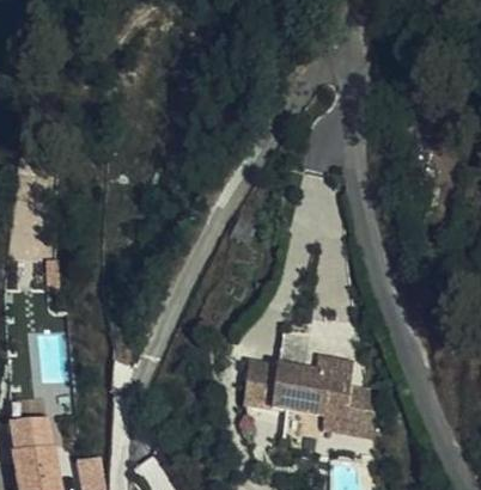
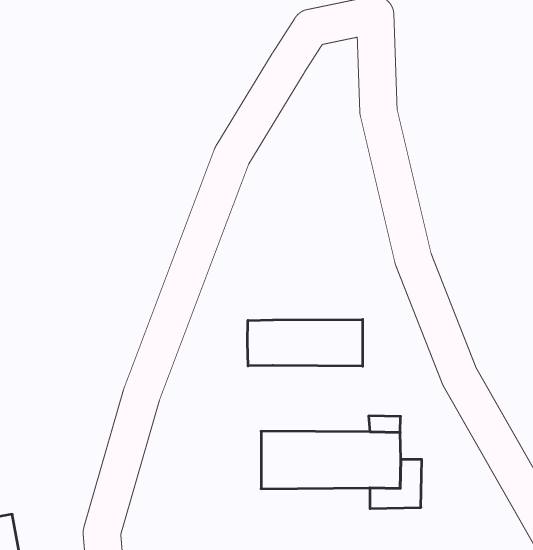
building: none -> [247,319,363,366]

